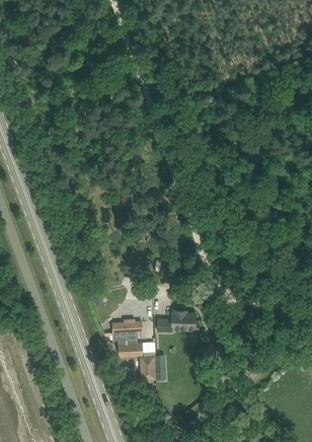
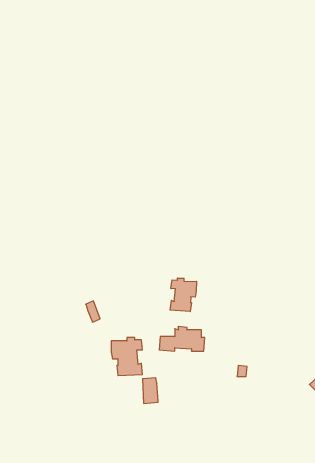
building: none -> [170,278,197,312]

